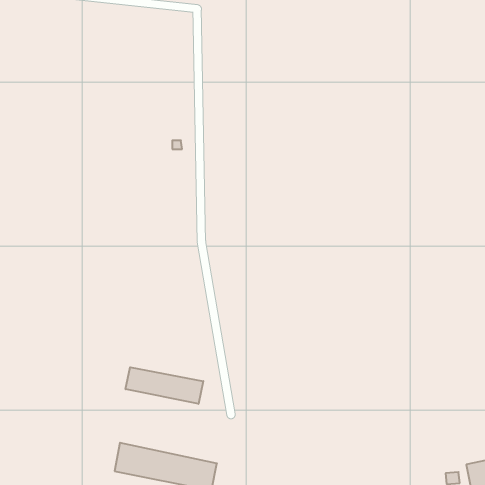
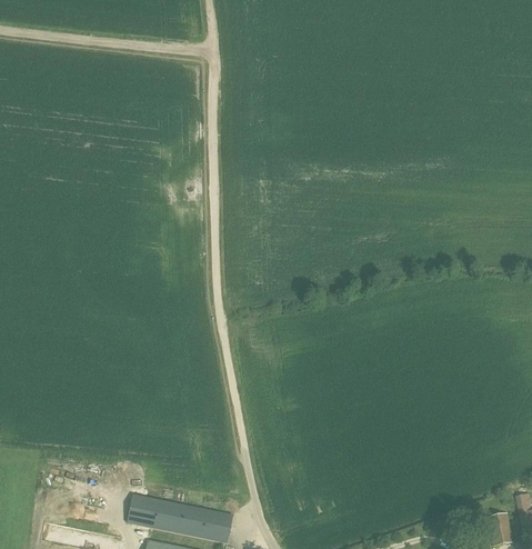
building: [126,367,203,404] -> none

